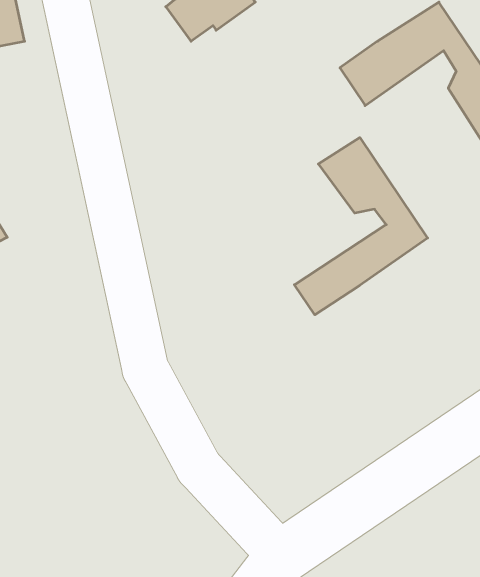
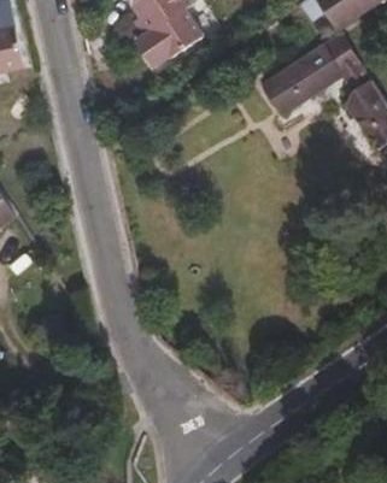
building: [294,138,428,315] -> none

